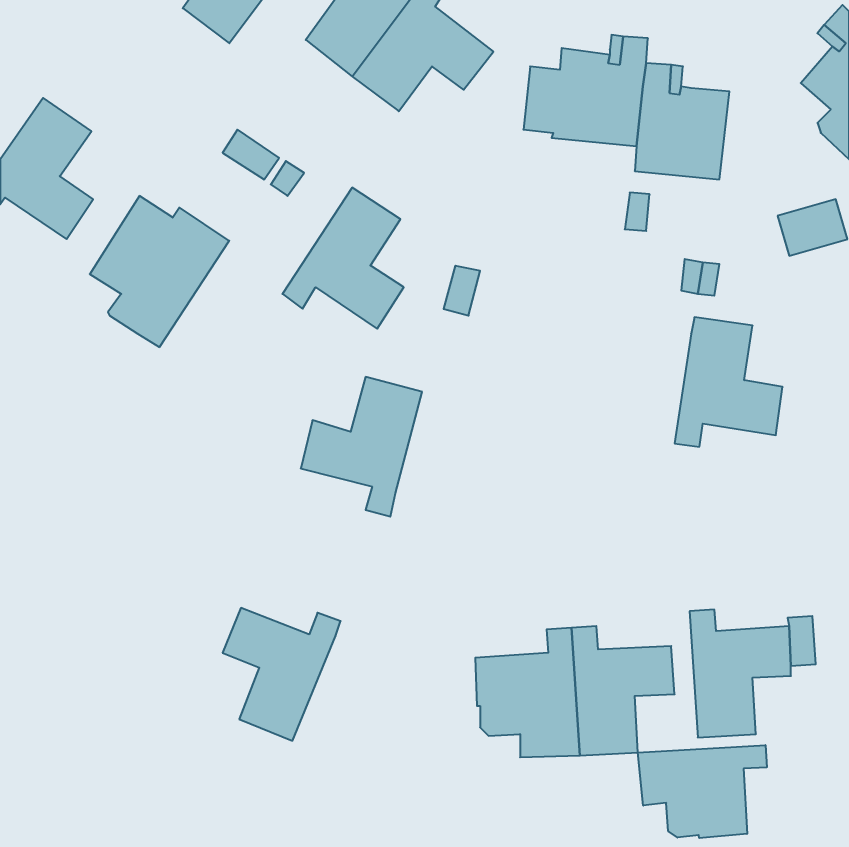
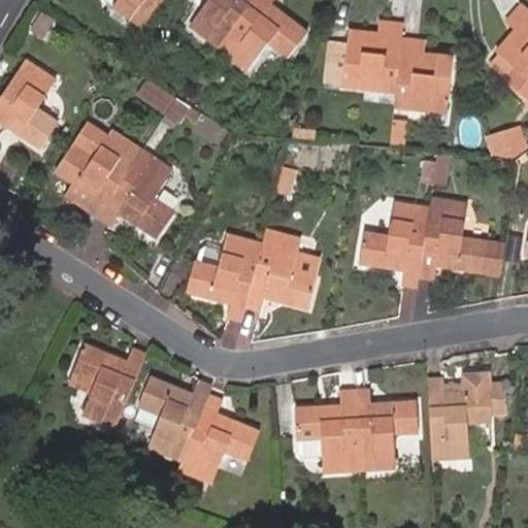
building: [282,188,404,329] -> [99,150,174,237]
building: none -> [359,202,429,286]
building: none -> [245,229,317,309]
building: none -> [67,344,145,427]
building: none -> [178,395,260,482]
building: [638,745,767,838] -> none

